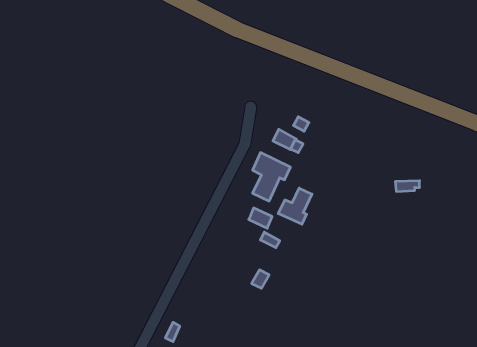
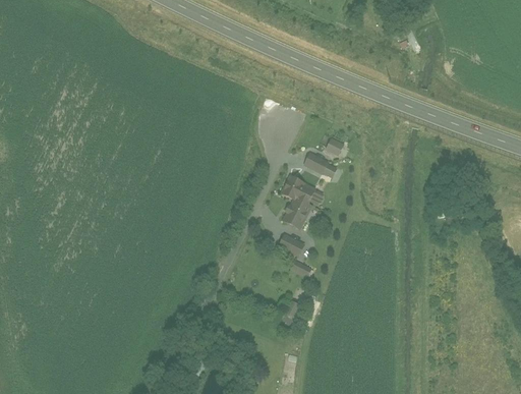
building: [278,188,312,224] -> none

